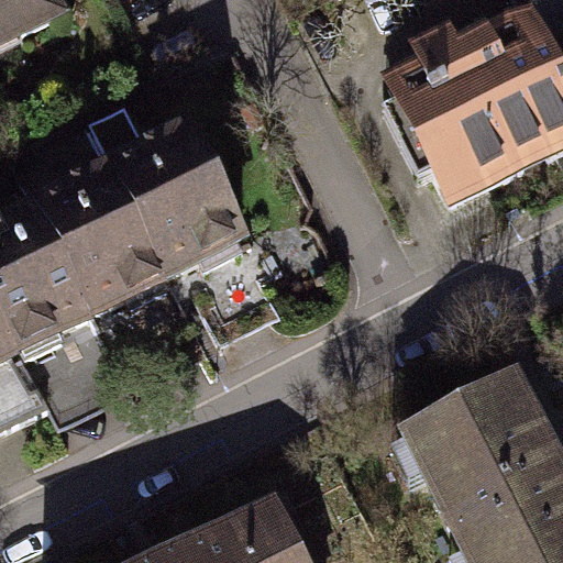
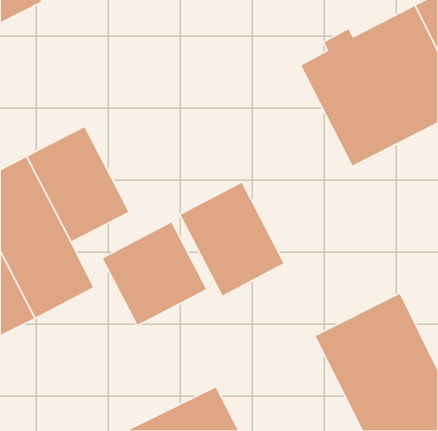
building: [89,106,250,272] -> none
building: none -> [180,182,285,296]
building: none -> [102,222,207,326]

